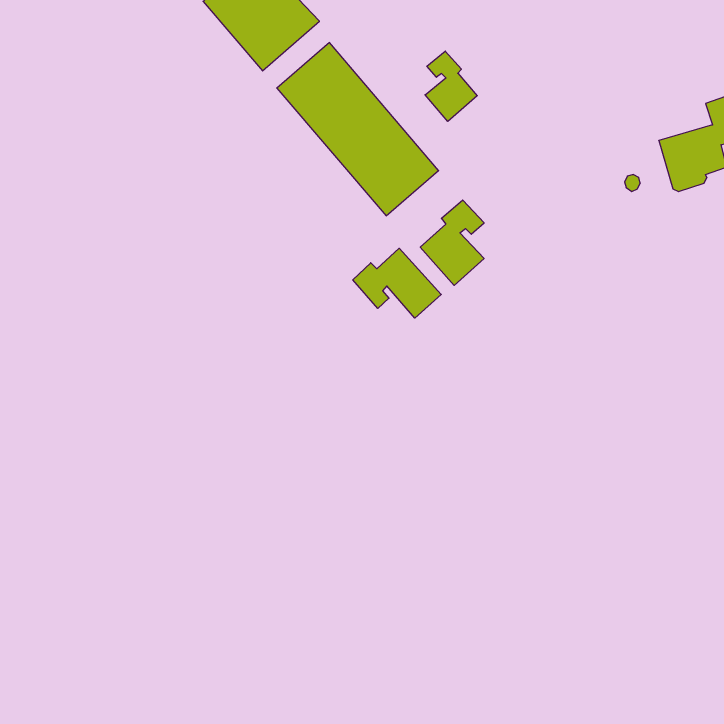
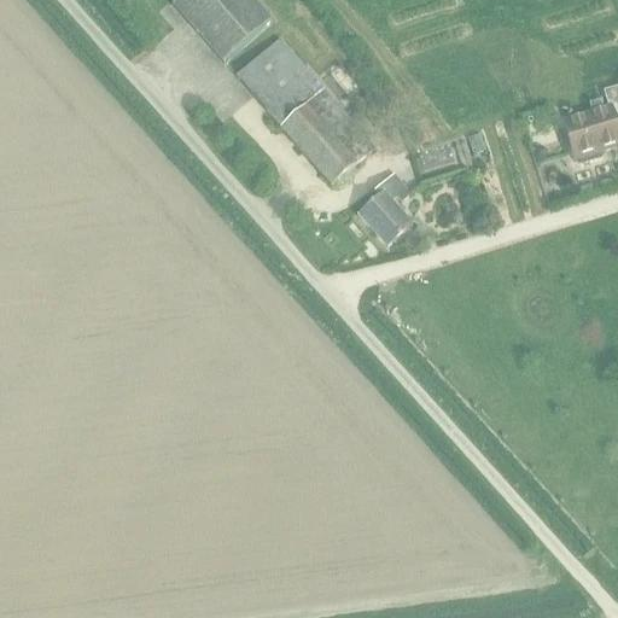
building: [425,51,477,121] -> none
building: [353,248,441,318] -> none

